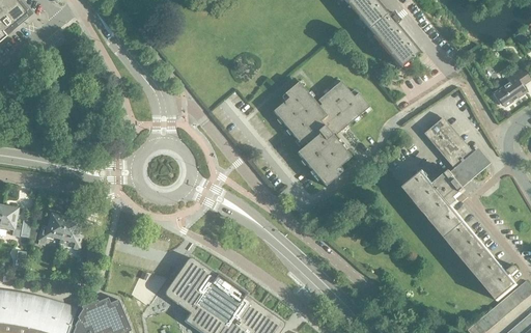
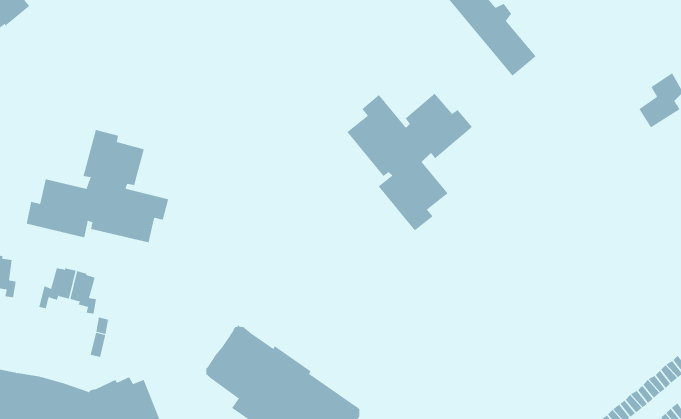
building: none -> [26,129,169,243]
building: [403,119,519,300] -> none

